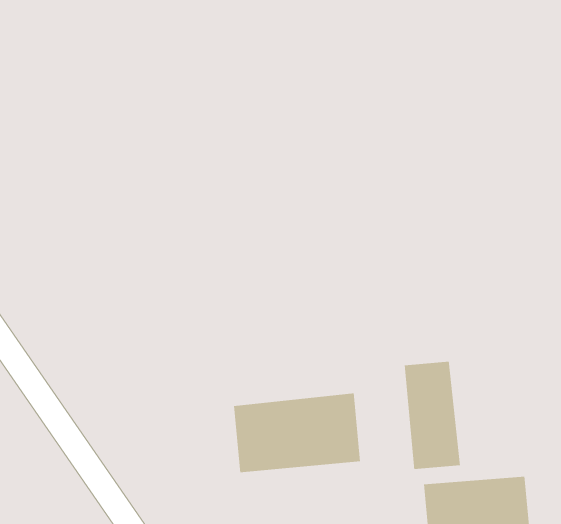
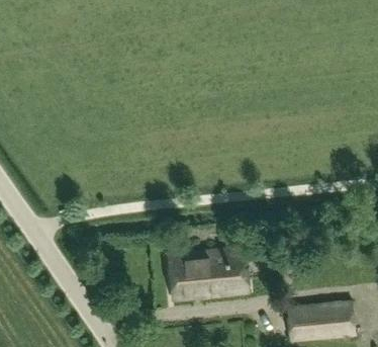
building: [404,361,460,470] -> none

